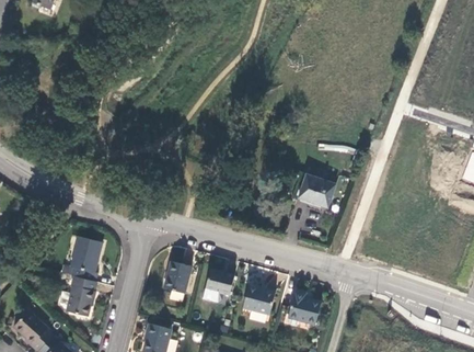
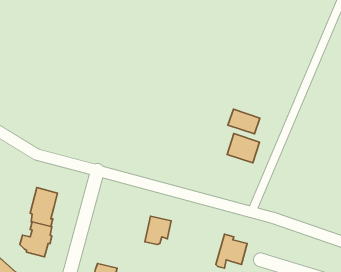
building: none -> [228,109,260,134]
building: [163,260,190,292] -> none
building: [242,285,275,314] -> none

